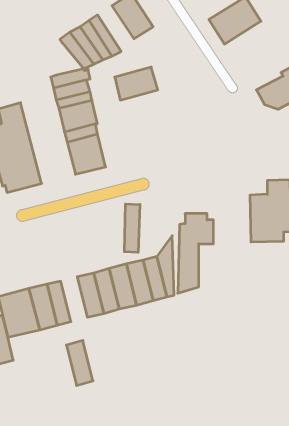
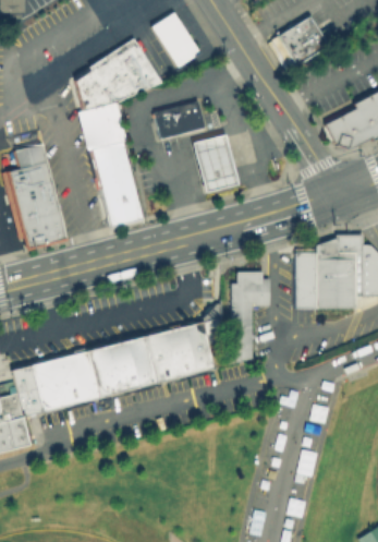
building: none -> [76,68,117,107]
building: none -> [193,132,236,189]
building: none -> [293,250,316,306]
building: [124,204,140,252] -> none
building: [66,340,93,385] -> [89,347,121,400]

